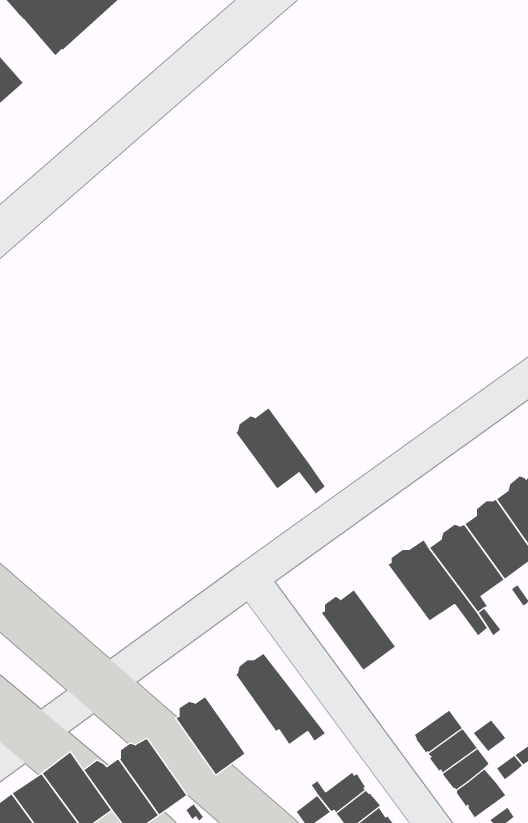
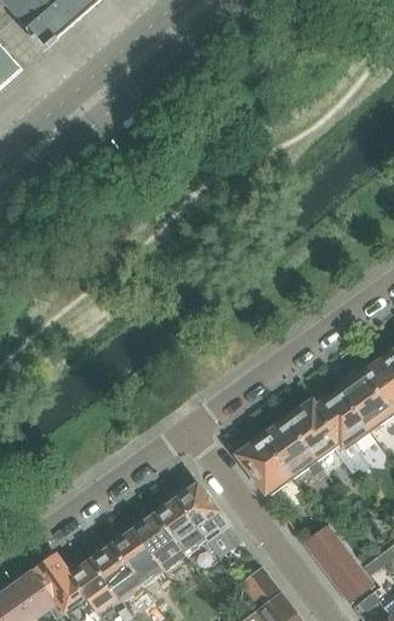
building: [235,408,326,495] -> [261,418,326,482]
building: none -> [153,498,204,556]
building: none -> [110,530,160,586]

